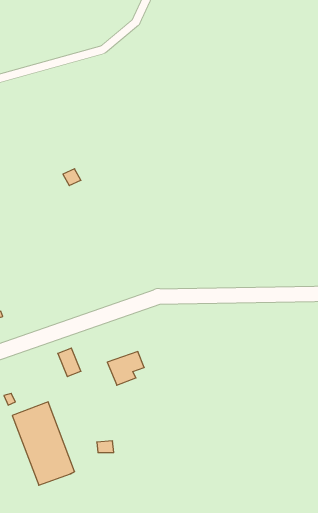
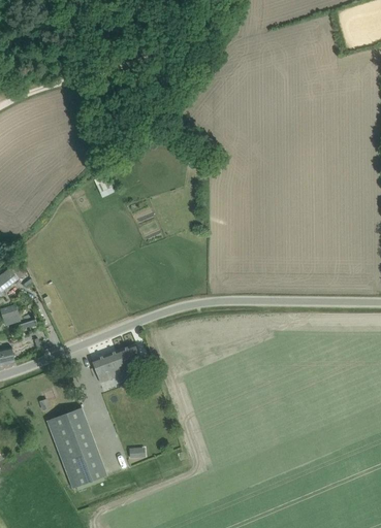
building: [107,352,144,385] -> [104,344,140,377]

